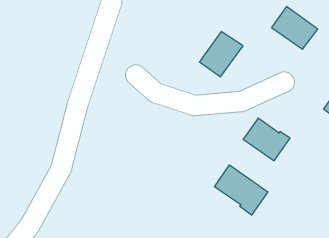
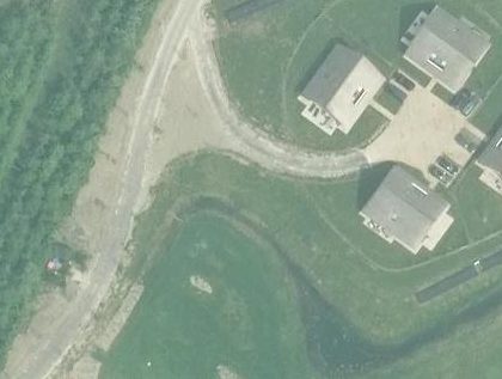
building: [215,165,268,215] -> none

